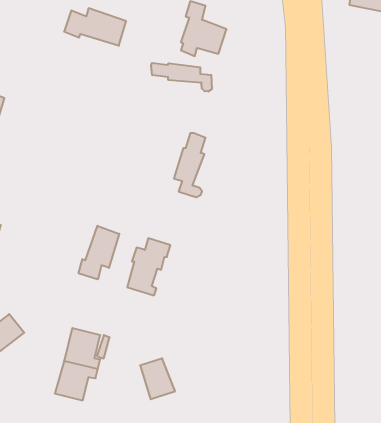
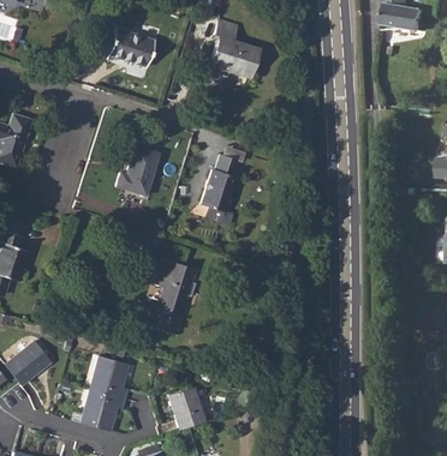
building: [151,63,212,92] -> none
building: none -> [115,146,157,194]
building: [79,226,119,279] -> none

